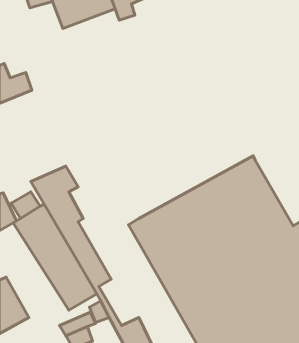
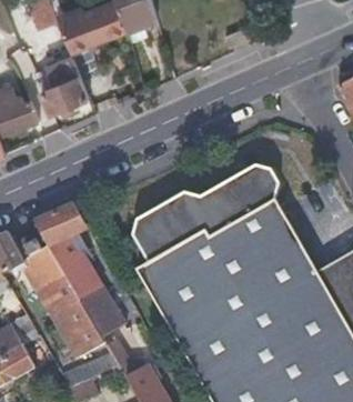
building: none -> [36,64,81,118]
building: none -> [133,165,281,260]

